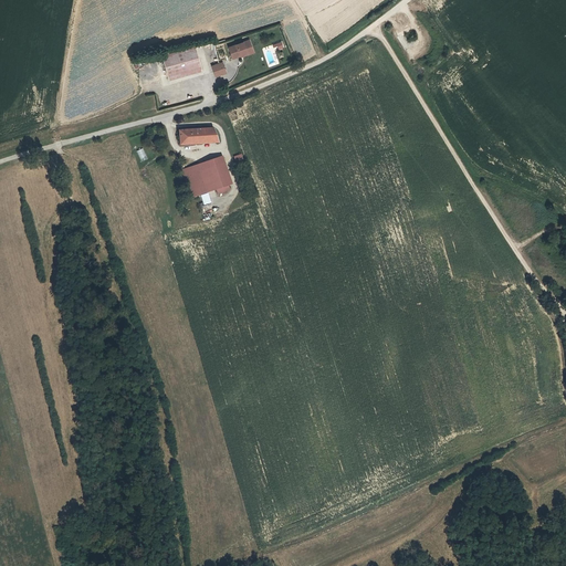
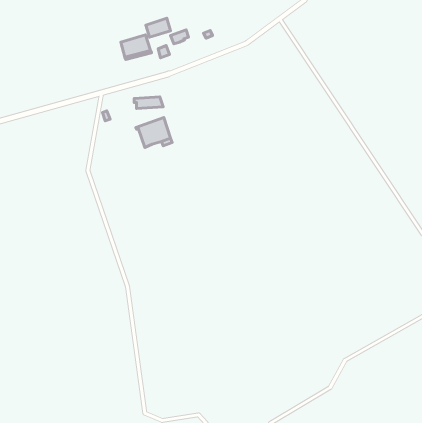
building: none -> [146,18,170,37]

